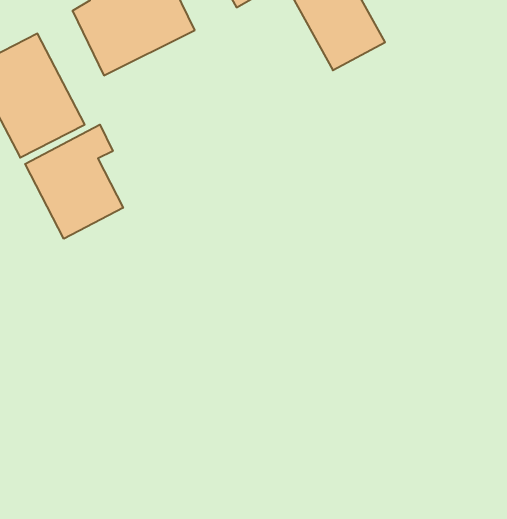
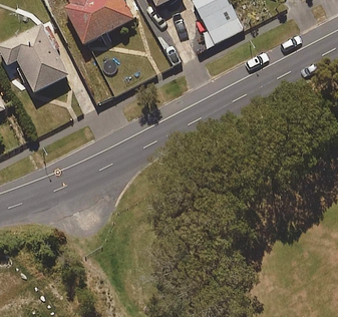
building: [25,125,123,239] -> none

